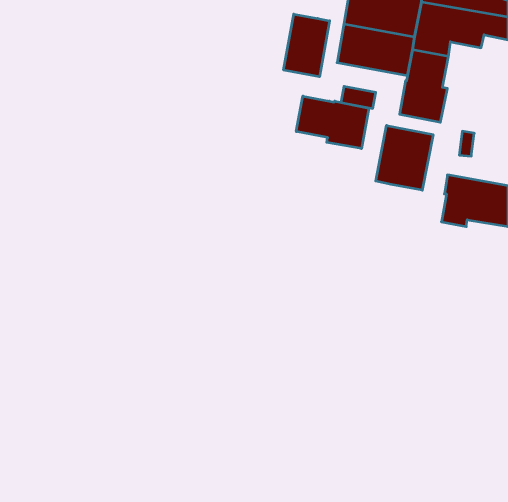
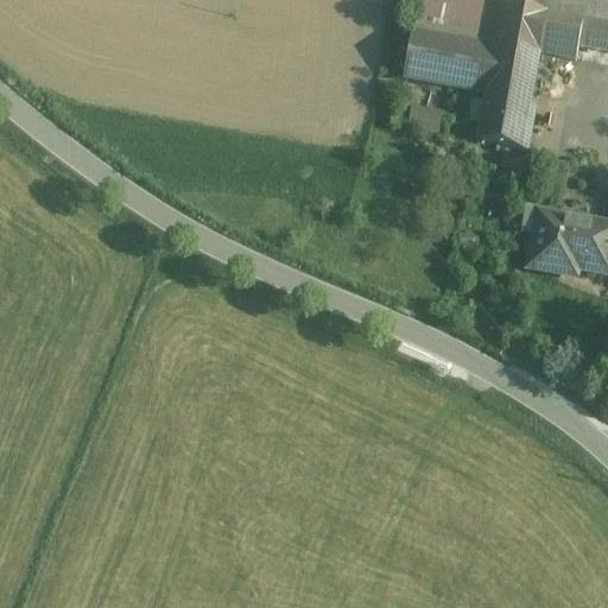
building: [284,14,330,77] -> none
building: [296,96,369,149] -> none
building: [376,125,433,190] -> none

